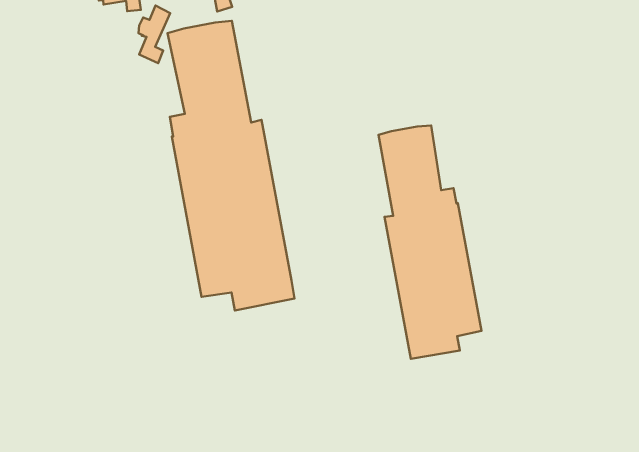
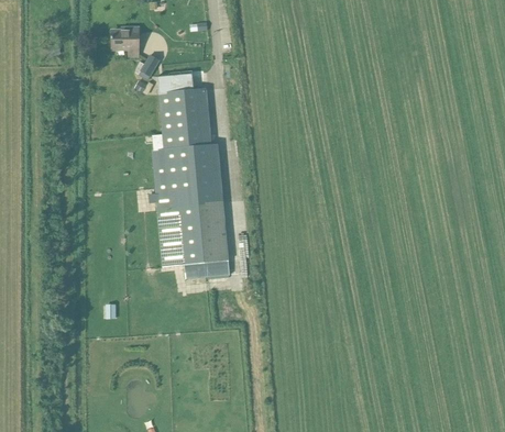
building: [378,125,481,359] -> none

